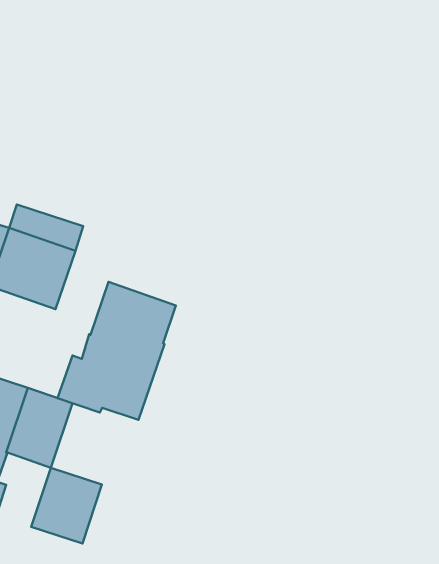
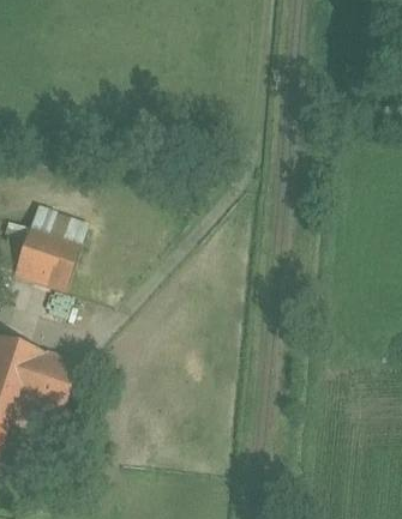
building: [57,282,176,420] -> none
building: [31,468,102,544] -> none

